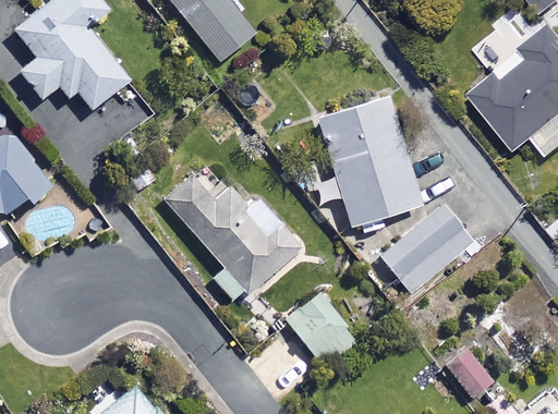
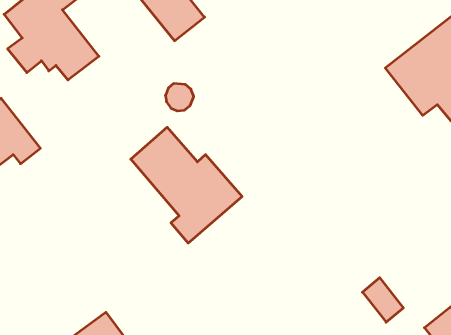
building: [318,94,421,224] -> none
building: [378,204,473,291] -> none
building: [287,294,355,366] -> none

